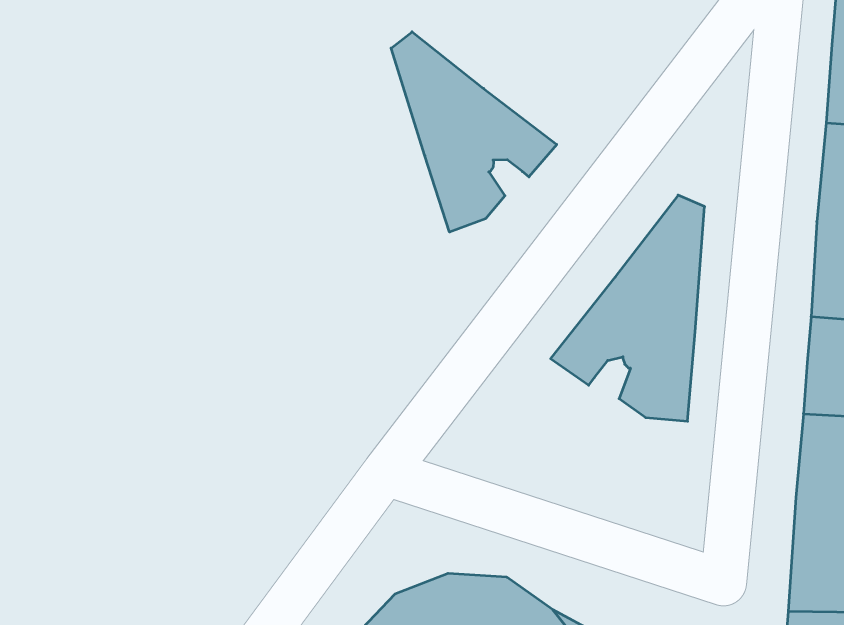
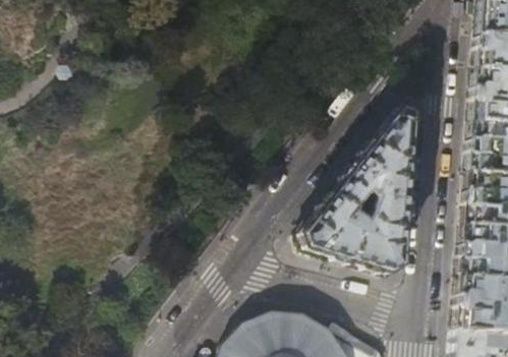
building: [391,32,557,232] -> none
building: none -> [307,195,410,274]

